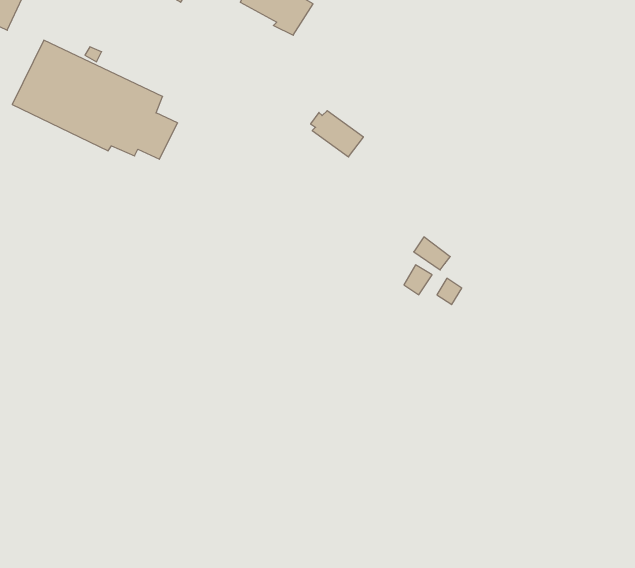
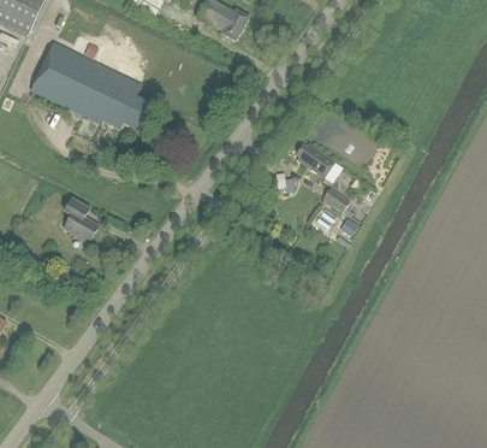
building: [311,111,363,157] -> [296,142,334,176]
building: none -> [63,198,97,242]

